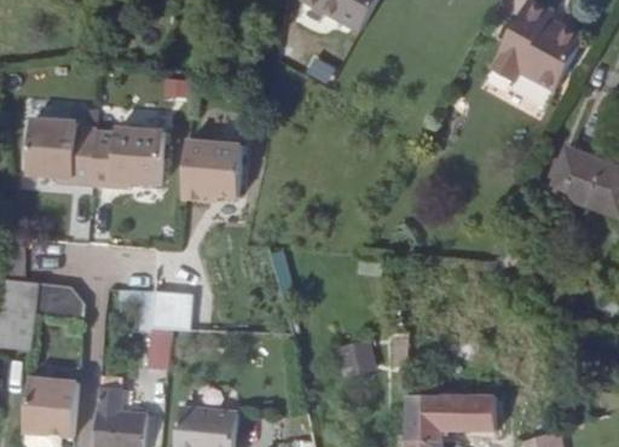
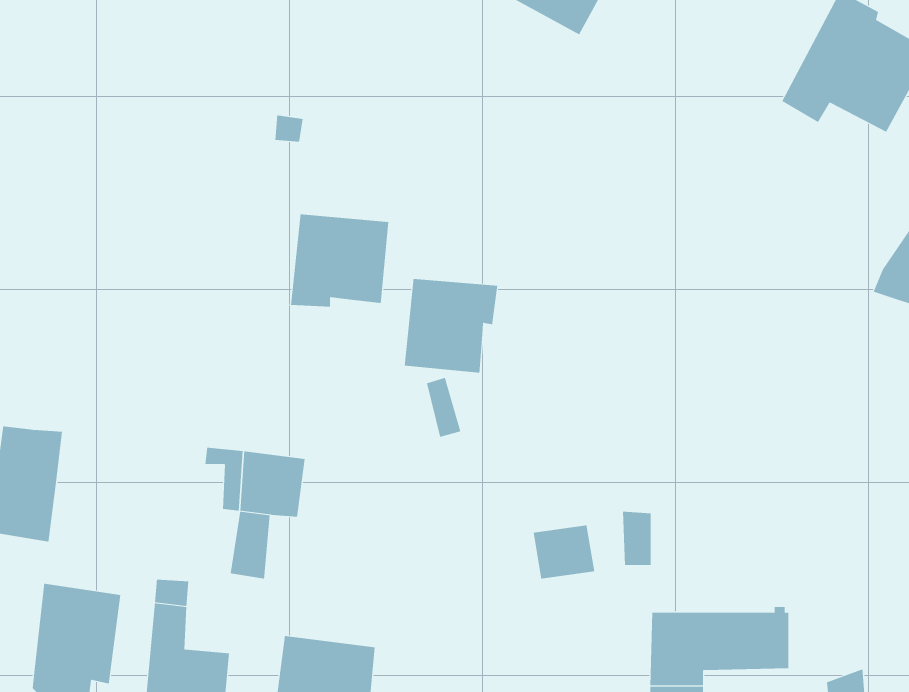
building: [28,120,169,185] -> none
building: none -> [404,278,498,373]
building: [39,279,86,314] -> none

